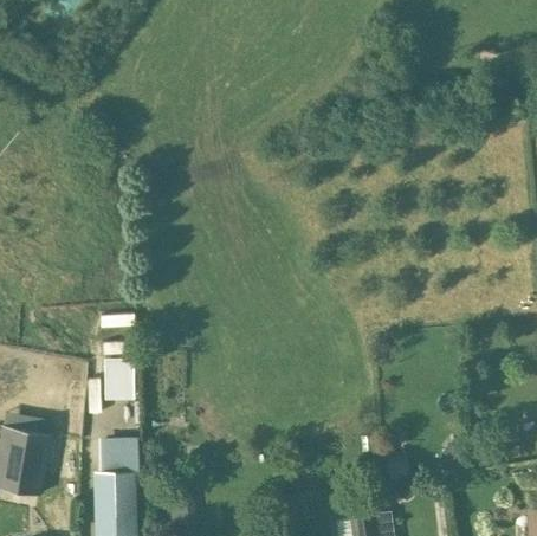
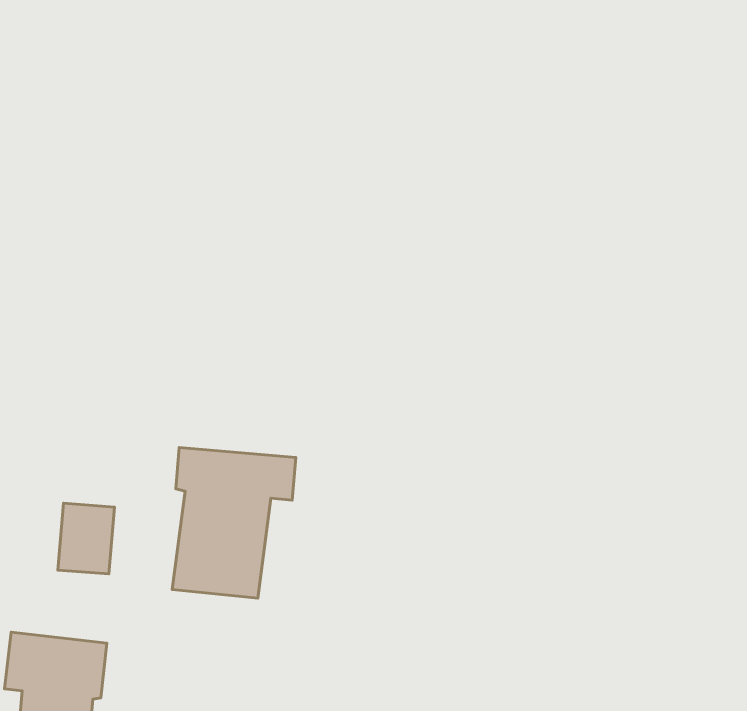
building: none -> [172,448,296,598]

